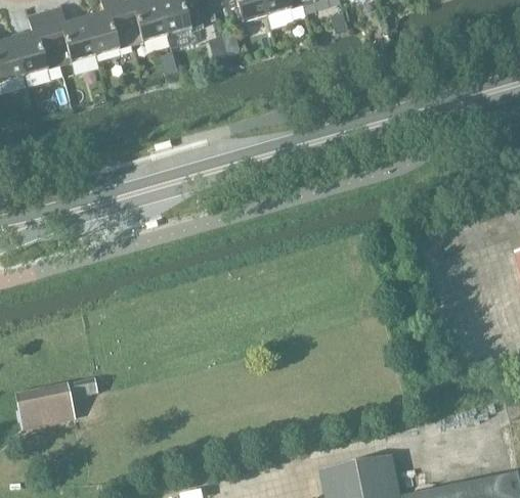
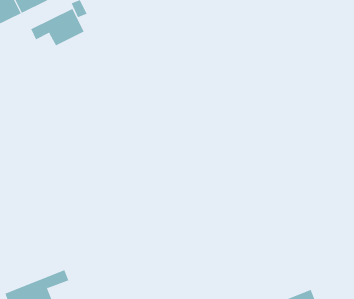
building: none -> [30,8,85,46]

